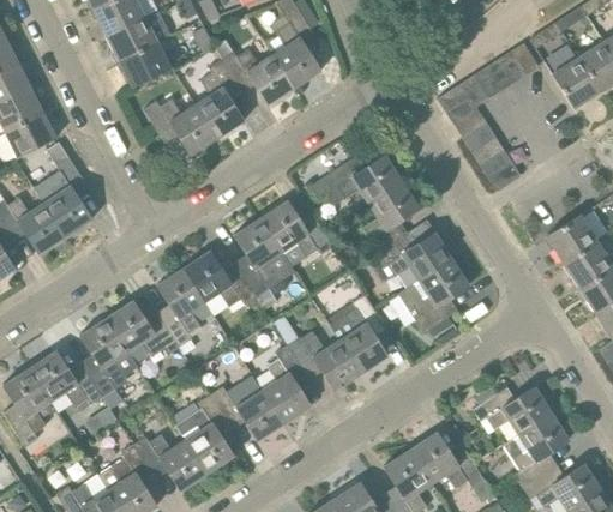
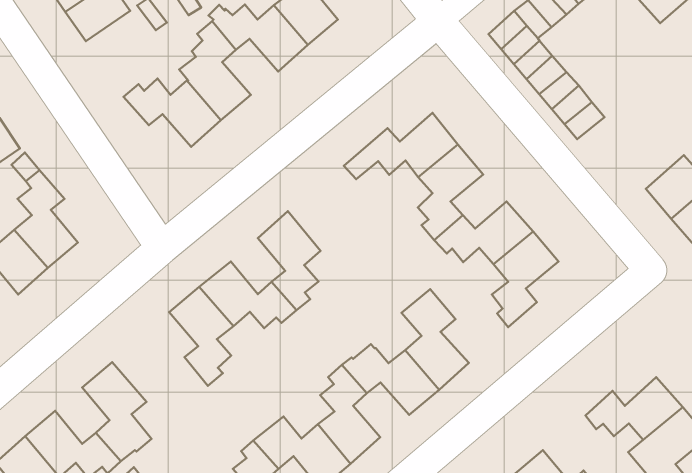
building: [119,42,170,88] -> none
building: [260,200,332,257] -> none
building: [106,300,179,356] -> none

